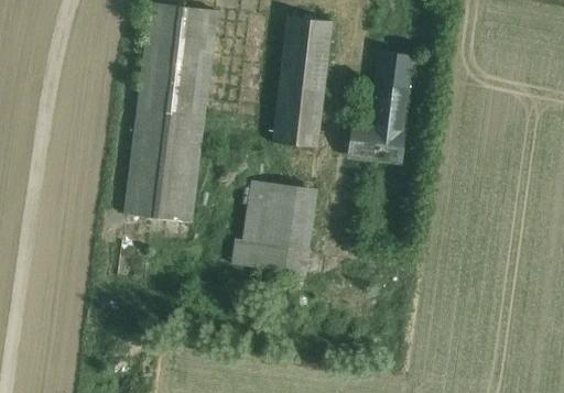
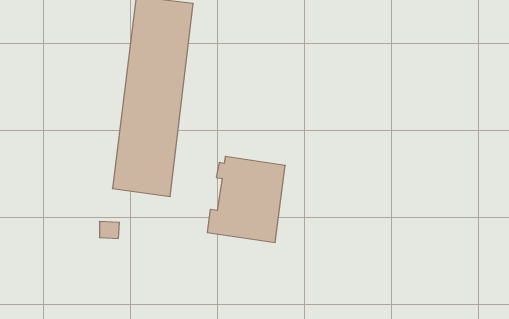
building: [273,17,332,148] -> none
building: [347,52,411,165] -> none

